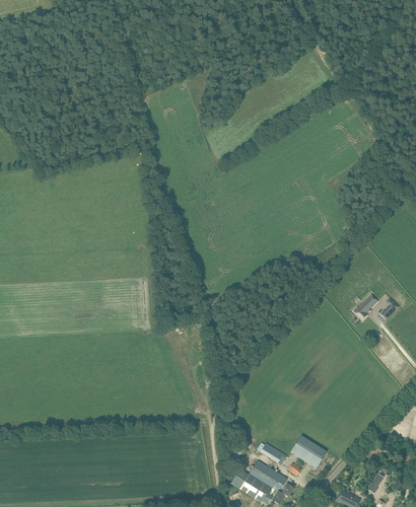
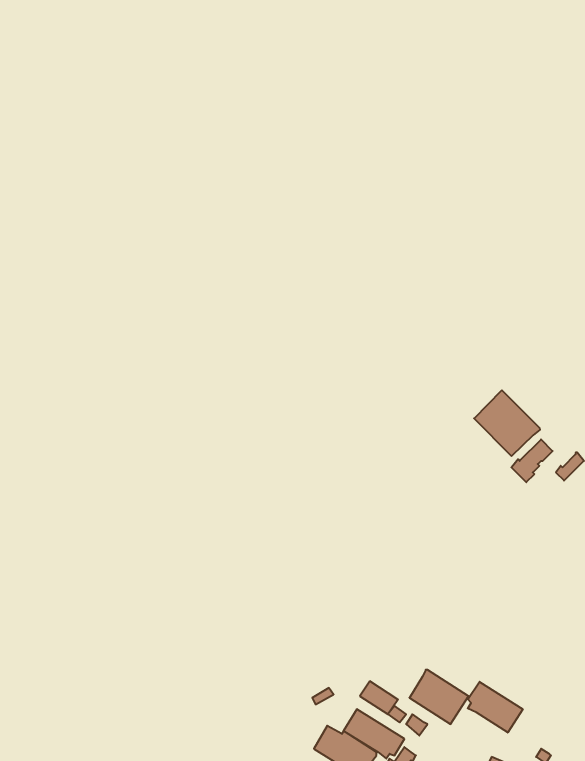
building: none -> [474,390,540,456]
building: none -> [468,682,523,733]

